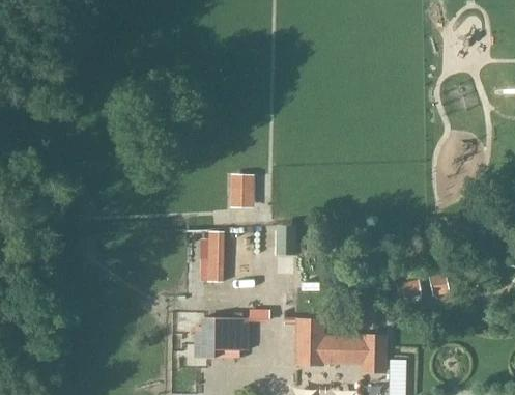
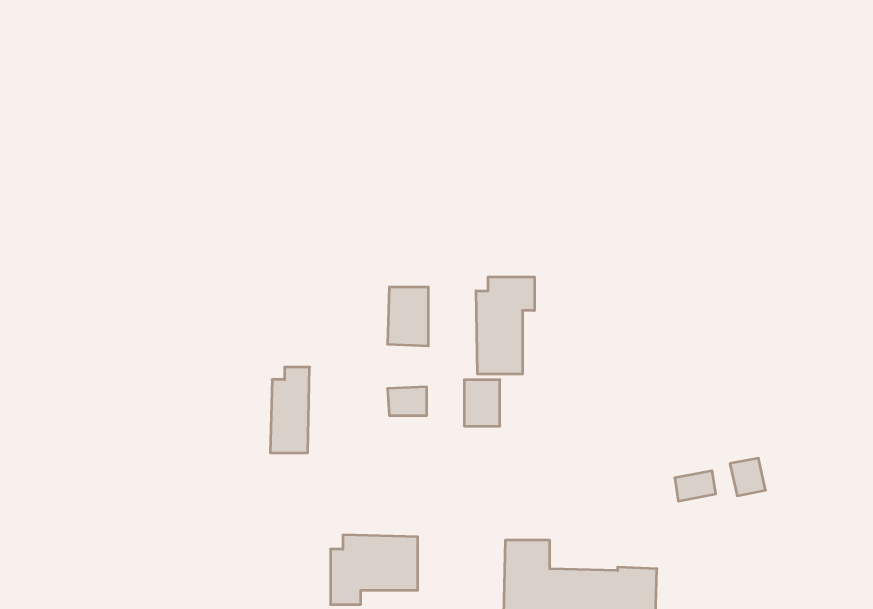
building: none -> [476,277,534,374]
building: [200,231,223,281] -> [270,367,310,453]

